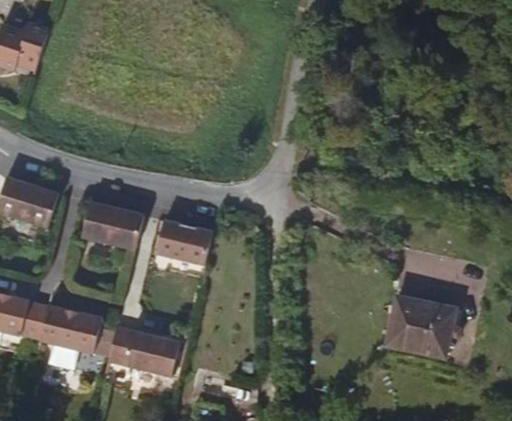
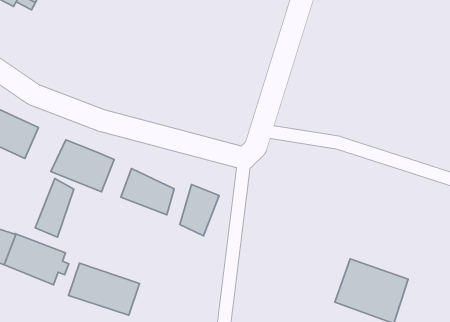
building: none -> [180,185,219,236]
building: none -> [35,178,74,237]

